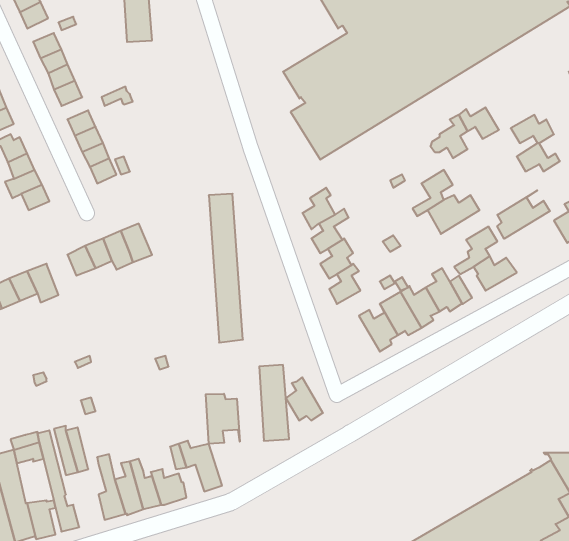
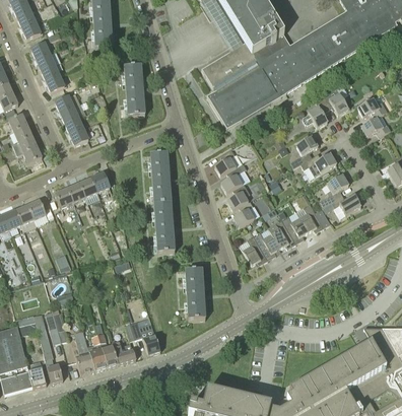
building: none -> [124,65,144,116]
building: [497,190,550,239] -> none
building: [286,377,323,420] -> [242,234,267,264]
building: [206,394,240,444] -> none

